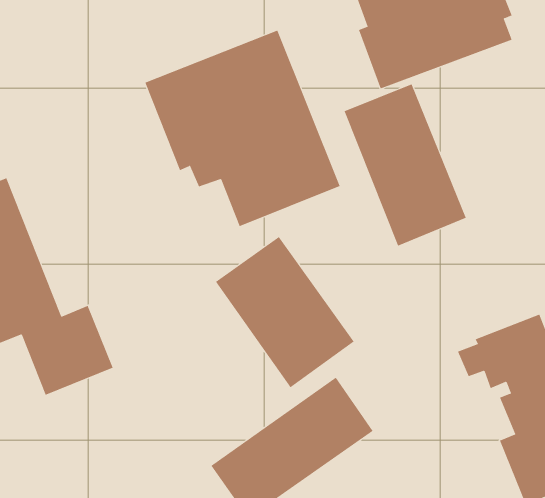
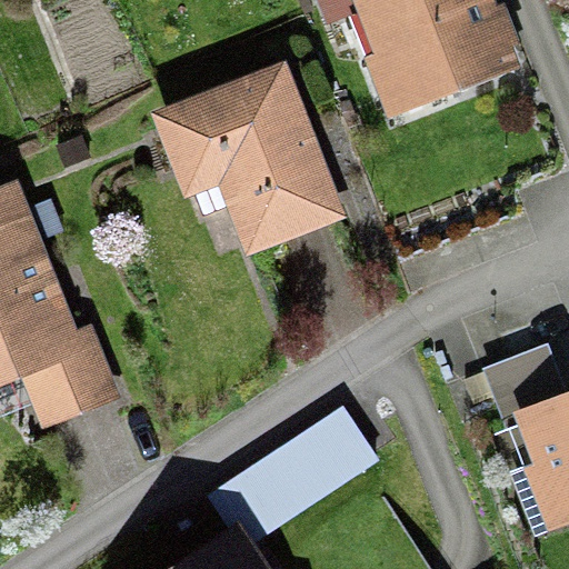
building: [344,84,467,246] -> none
building: [215,236,355,388] -> none

